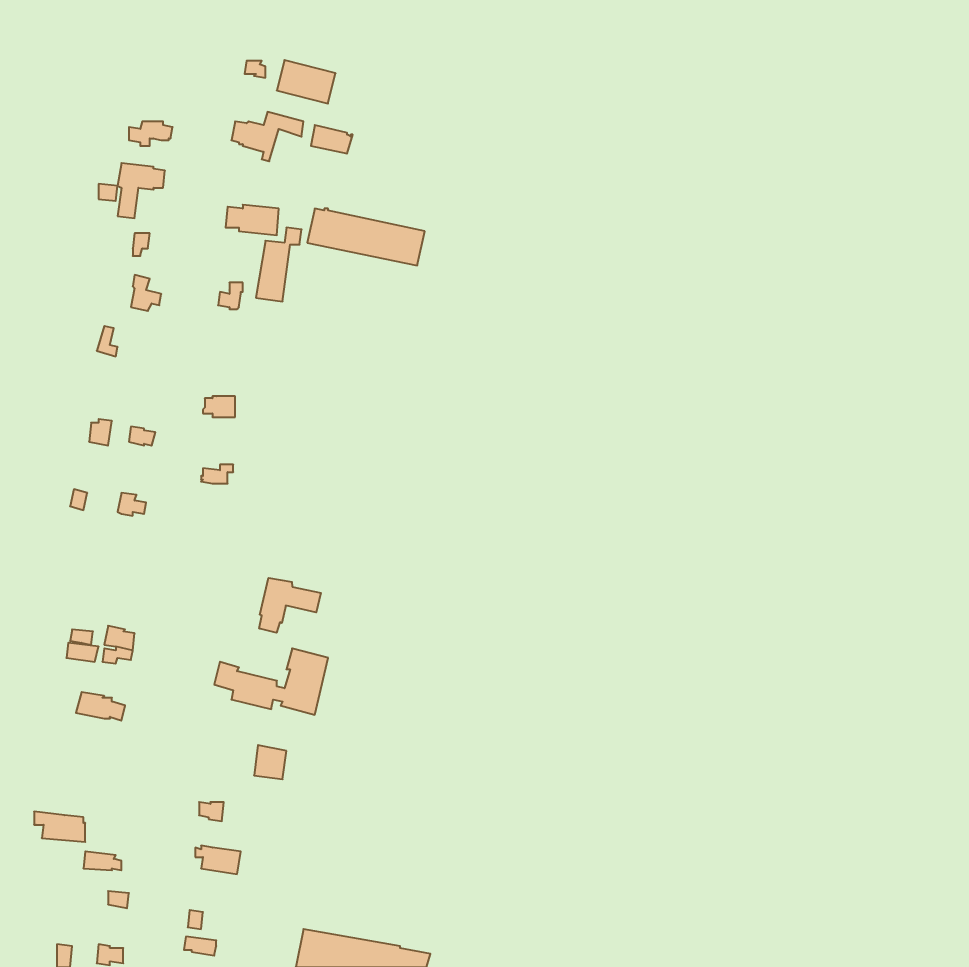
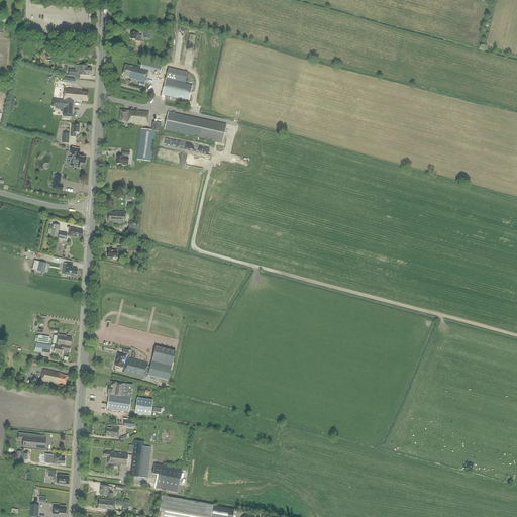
building: [277,60,336,104] -> [162,78,193,101]
building: [259,578,321,633] -> none
building: none -> [107,381,132,412]
building: none -> [130,440,151,477]
building: none -> [152,462,181,485]

